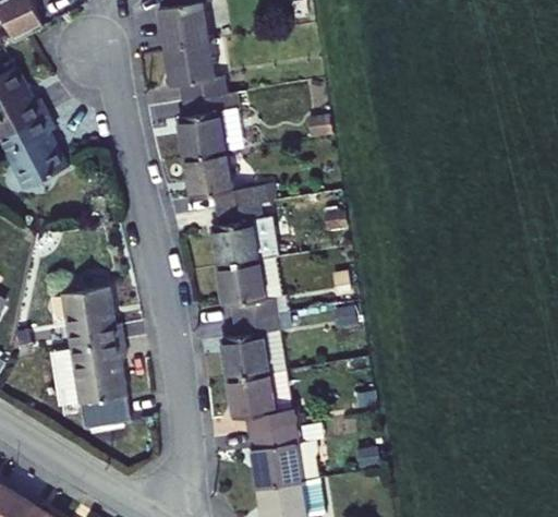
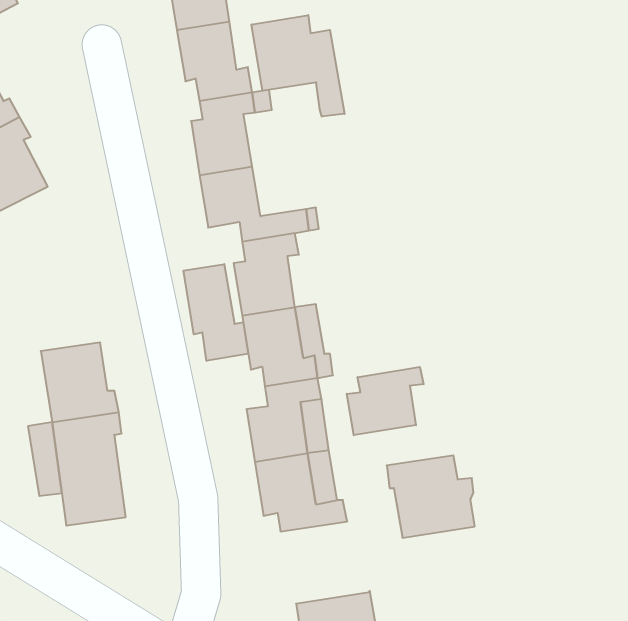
building: none -> [252,15,345,117]
building: none -> [184,264,248,361]
building: none -> [347,367,424,435]
building: [246,425,314,489] -> [387,455,475,538]

